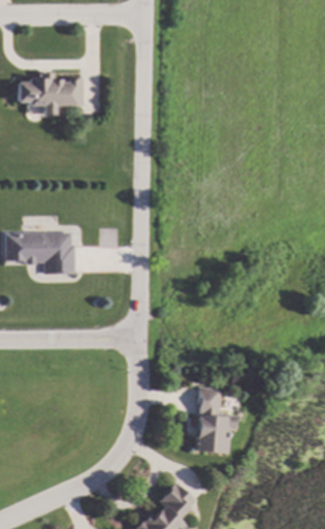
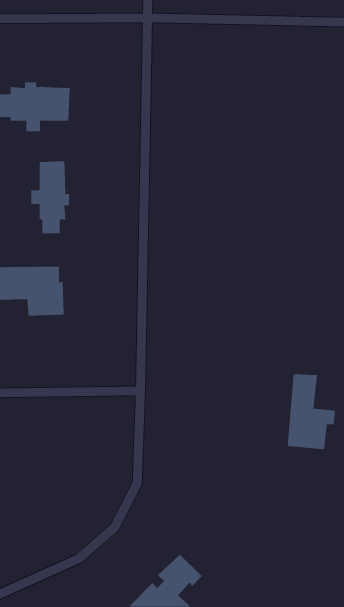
building: none -> [31,160,69,234]
building: [193,385,235,452] -> [287,374,336,450]

